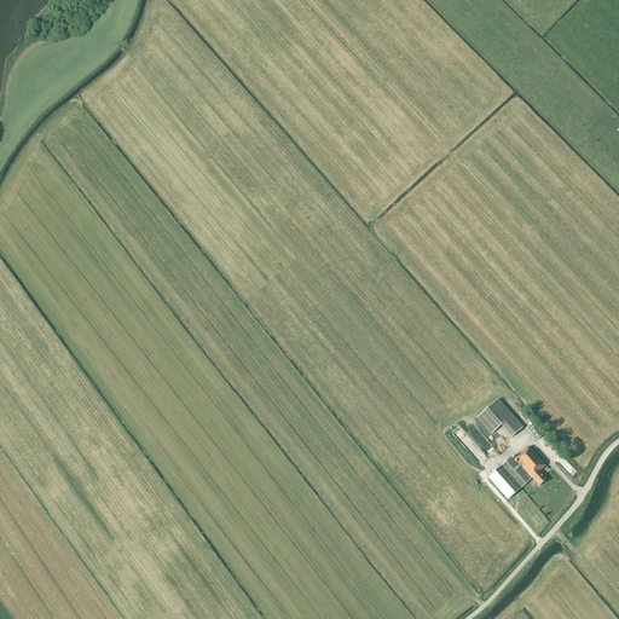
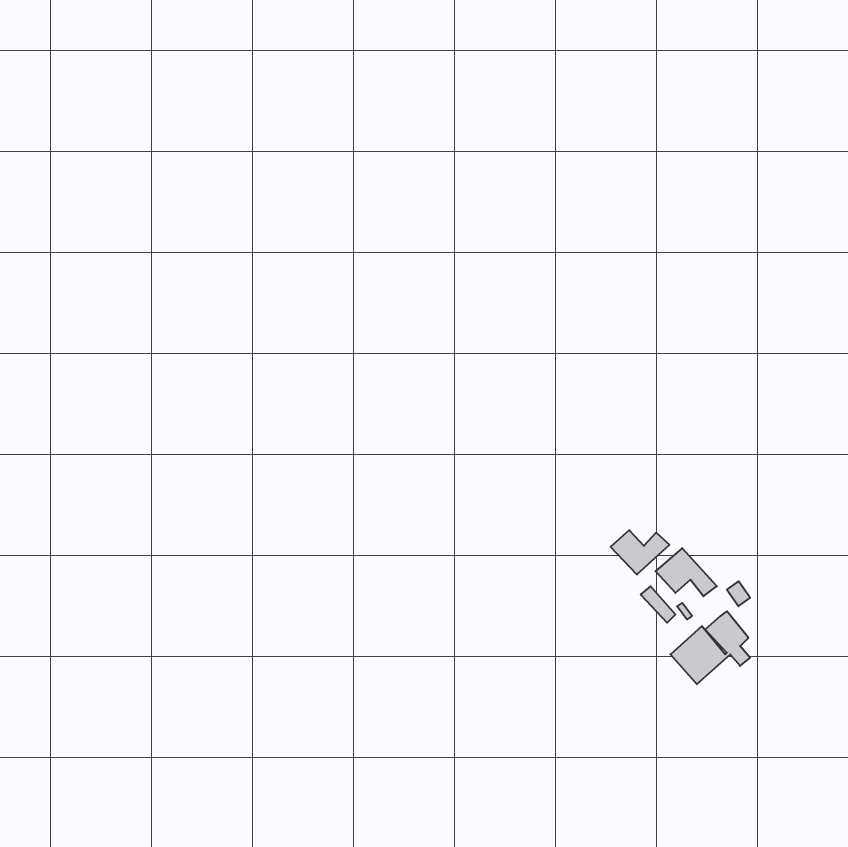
building: none -> [611,530,669,575]

